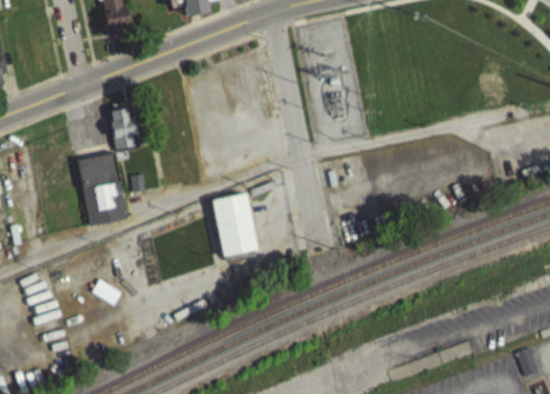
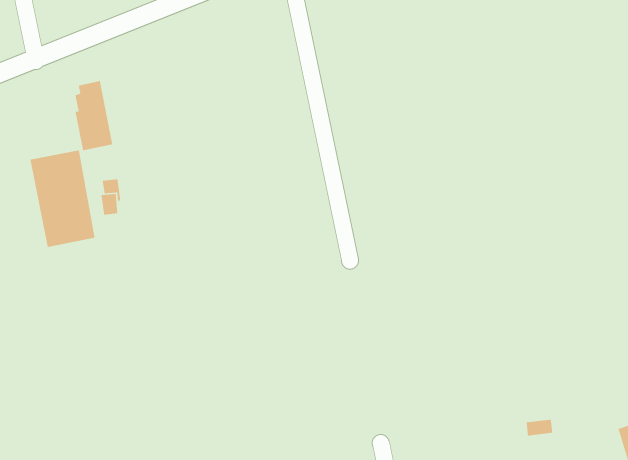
building: [214,192,259,255] -> none

